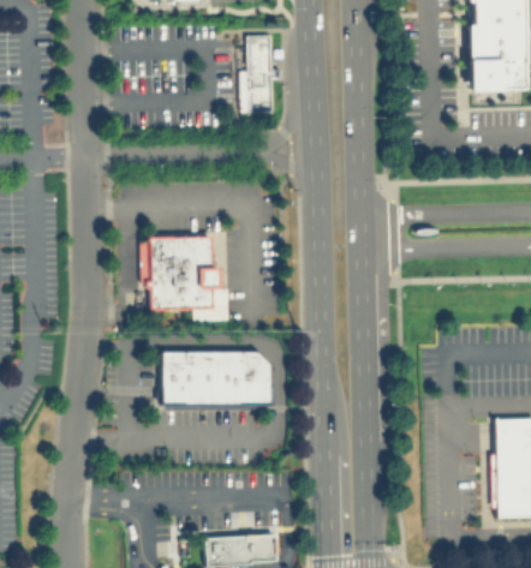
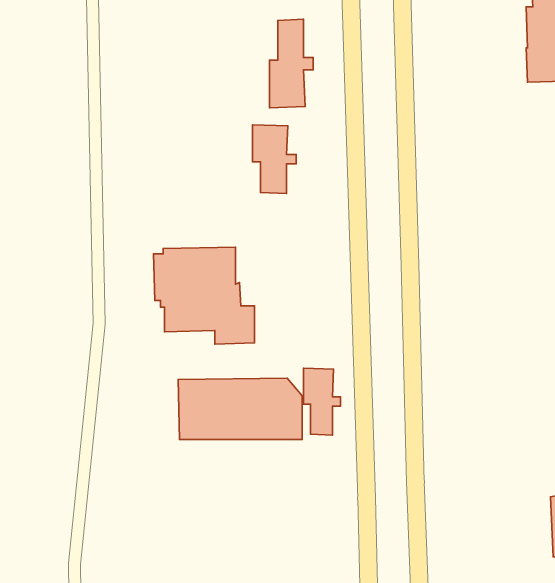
building: none -> [252,125,296,193]
building: none -> [304,368,341,435]

